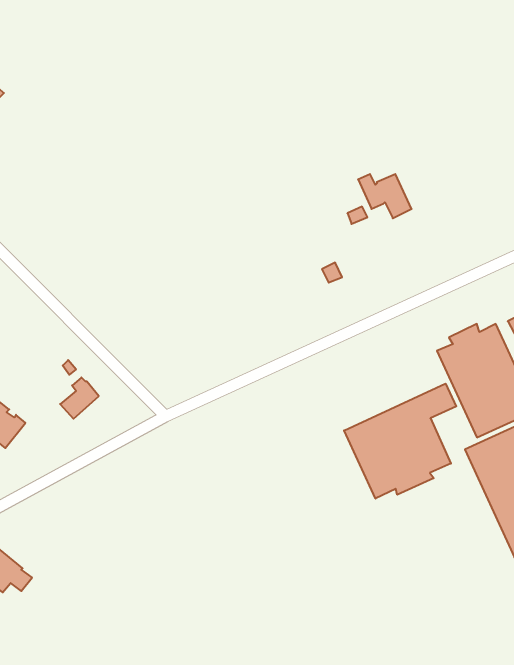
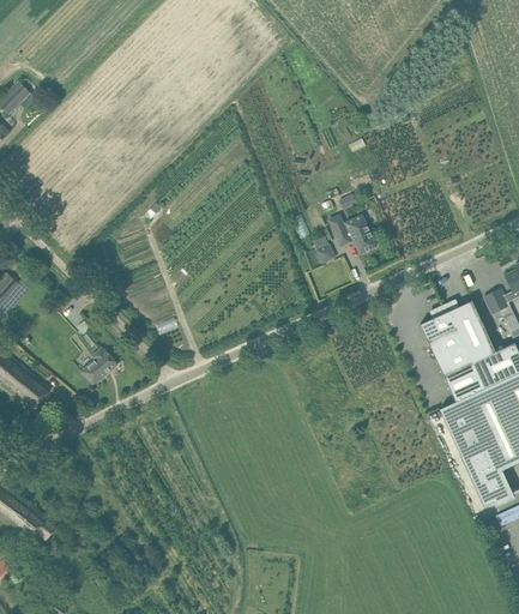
building: [358,174,412,218] -> [328,215,376,254]
building: [344,384,456,499] -> none

